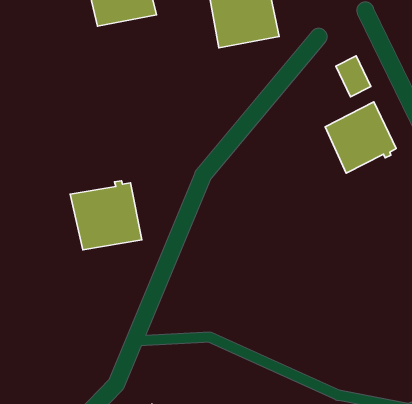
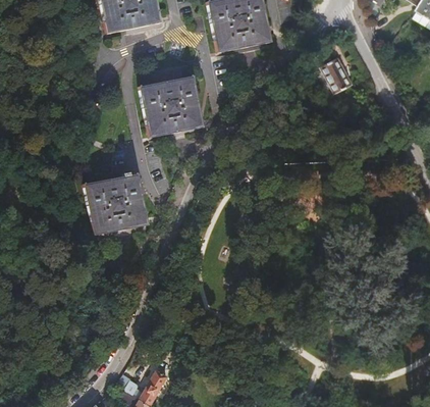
building: none -> [140,77,203,137]
building: [325,102,396,173] -> none

